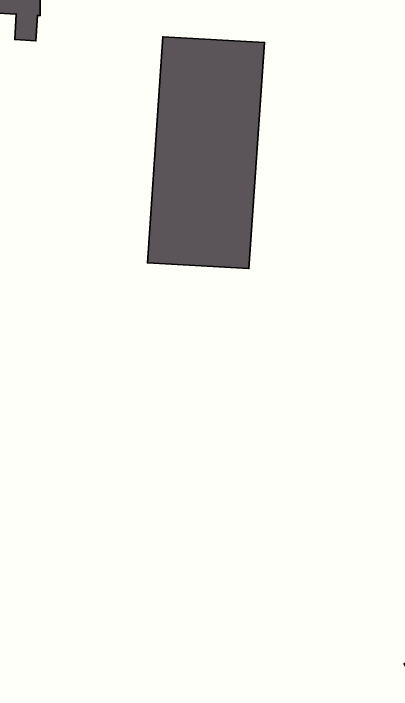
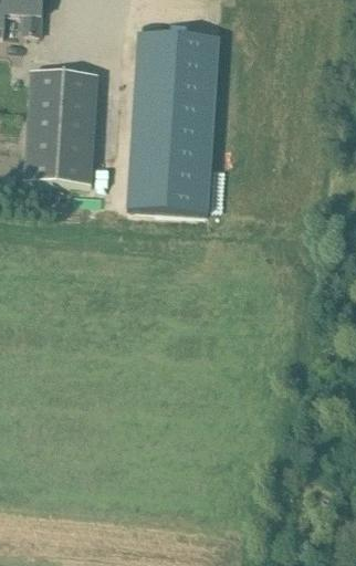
building: none -> [23,70,98,184]

